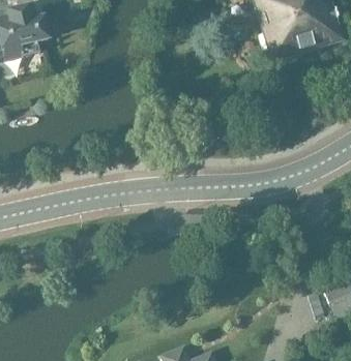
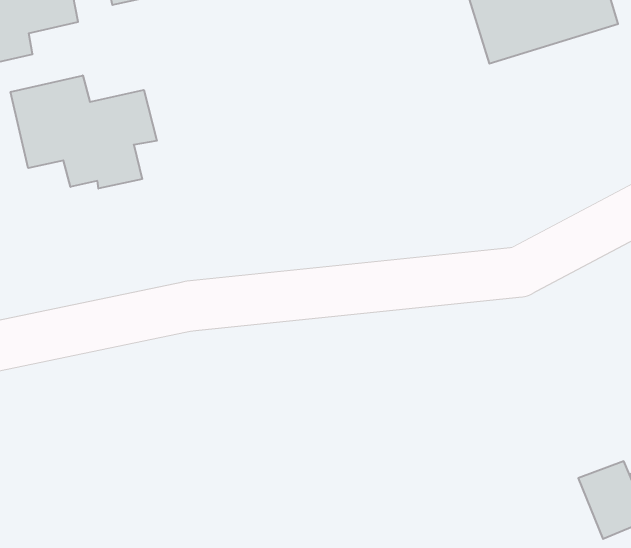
building: none -> [11,75,157,189]

